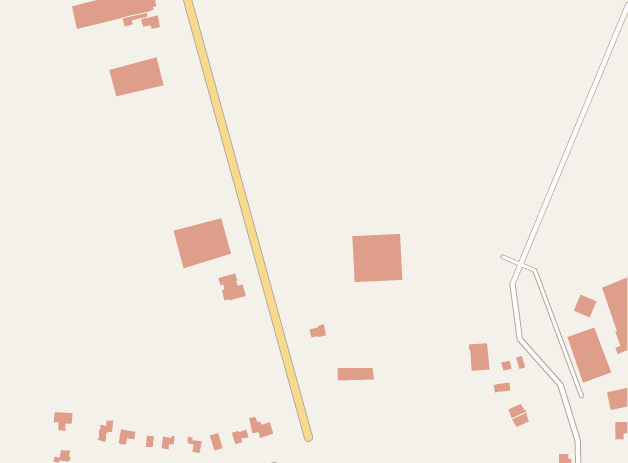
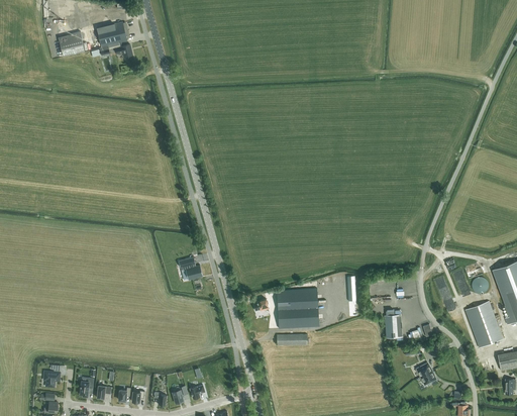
building: [109,56,164,97] -> none
building: [173,218,232,269] -> none
building: [351,233,403,283] -> [277,288,319,328]

